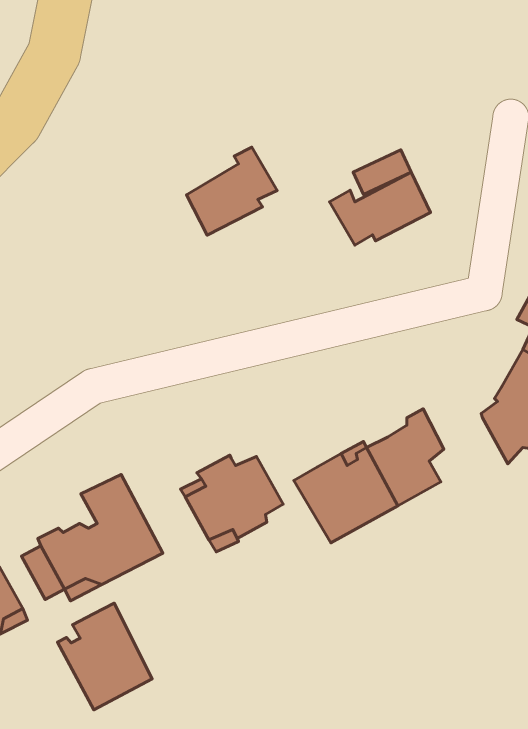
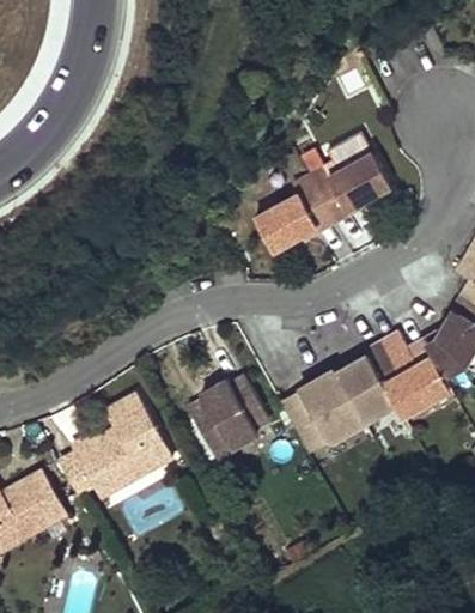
building: [186,147,277,235] -> [254,177,327,248]
building: none -> [382,334,450,414]
building: [57,603,152,710] -> none

